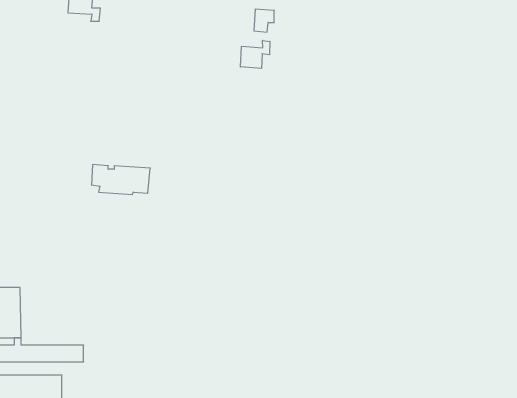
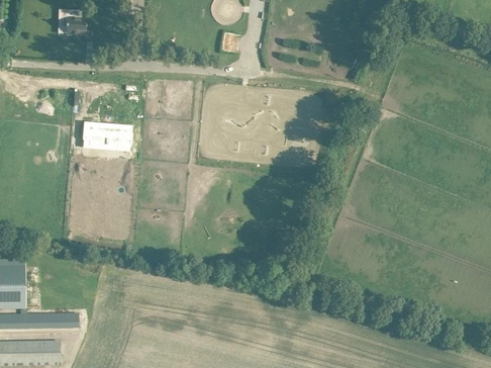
building: [240,40,270,68] -> none
building: [91,165,150,195] -> [82,121,131,147]

